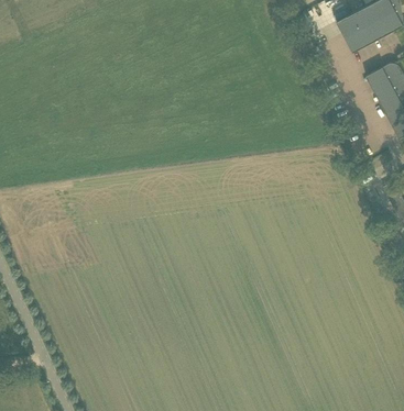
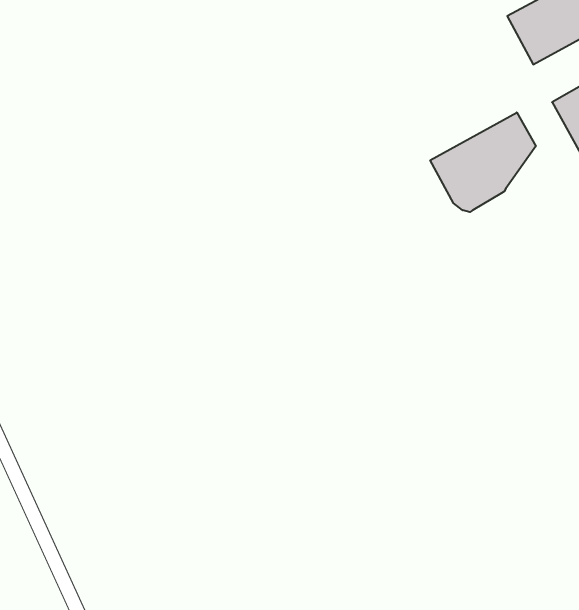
building: none -> [430,112,536,212]

